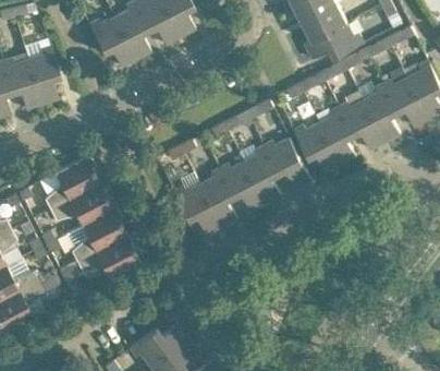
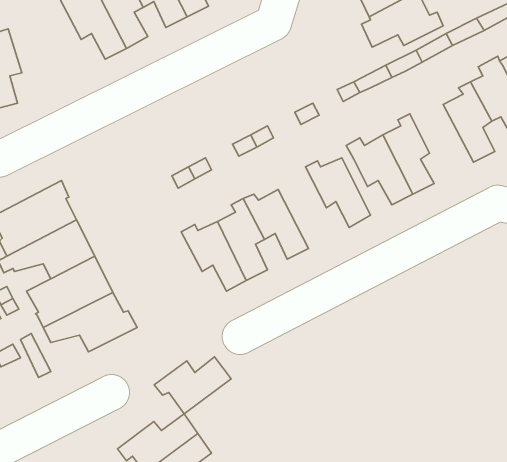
building: [339,89,384,149] -> none
building: [244,145,281,204] -> none
building: none -> [154,357,231,414]

